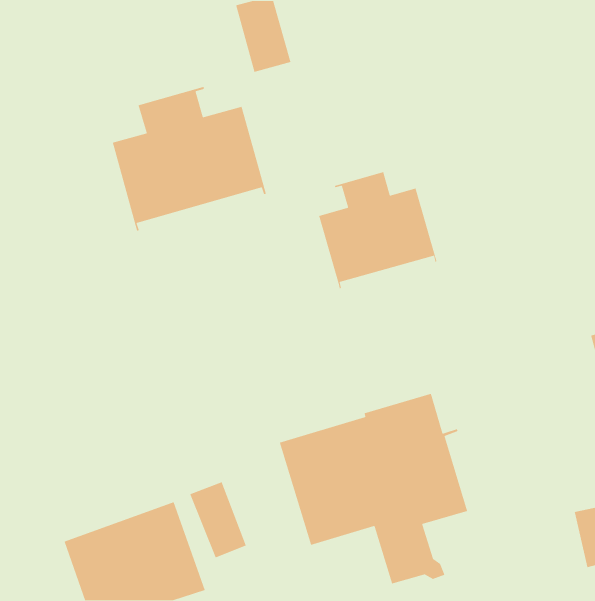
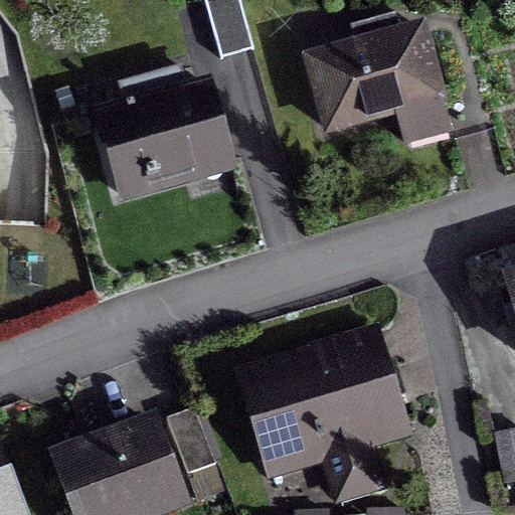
building: none -> [310,24,442,133]
building: [318,171,438,289] -> none

